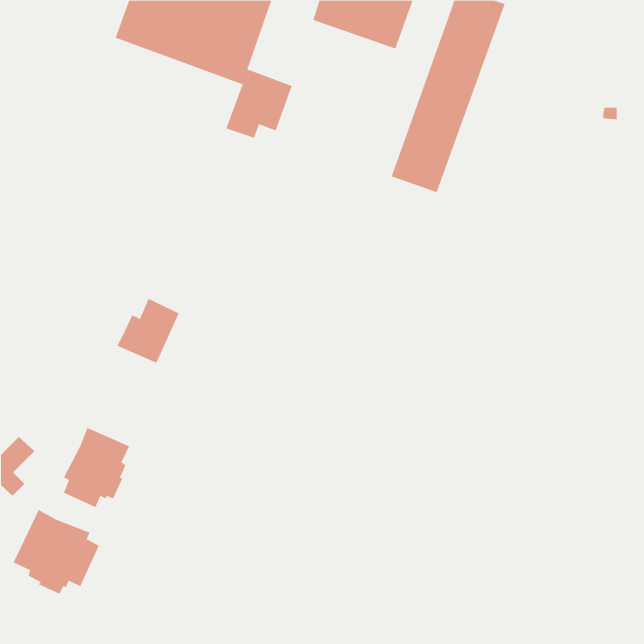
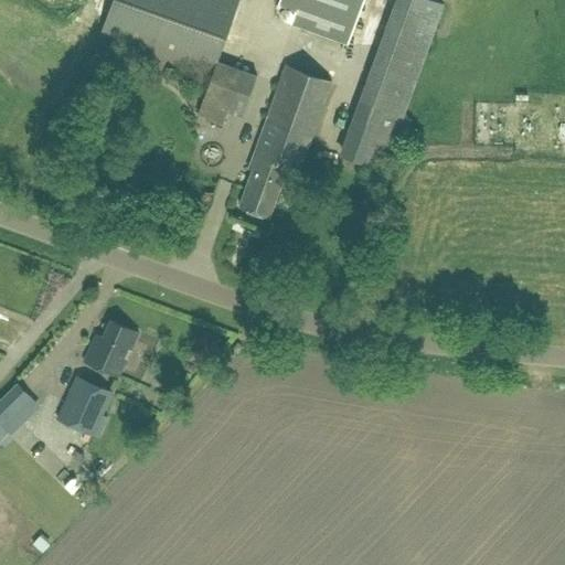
building: none -> [239,66,331,216]
building: [117,298,180,364] -> [83,319,138,376]
building: [13,509,99,595] -> none

